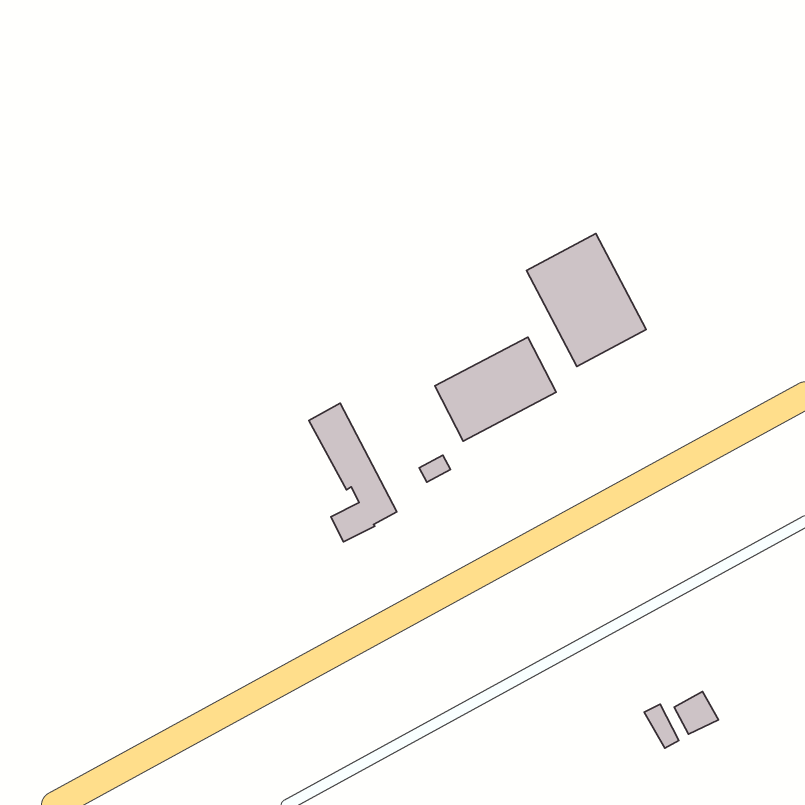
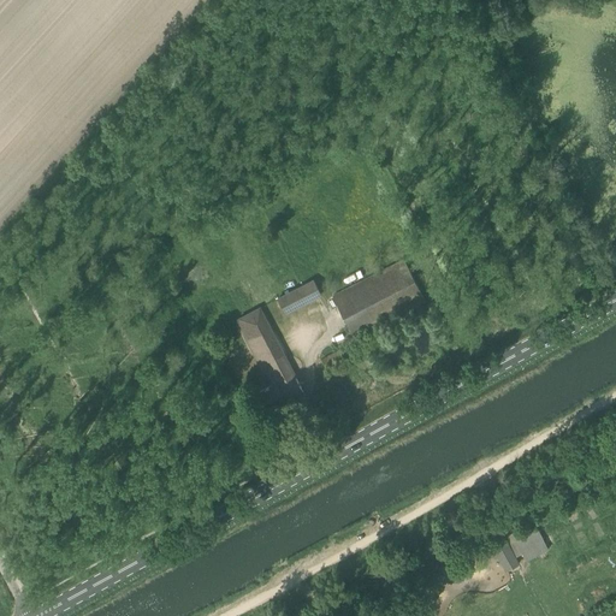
building: [526,234,646,367] -> none
building: none -> [277,278,322,314]

